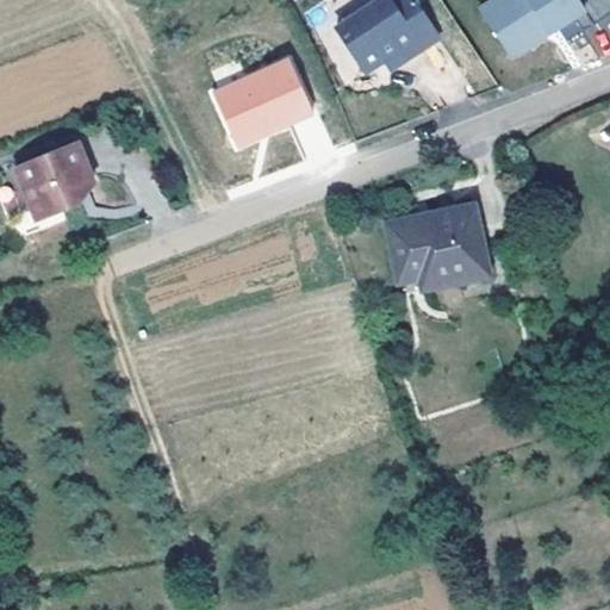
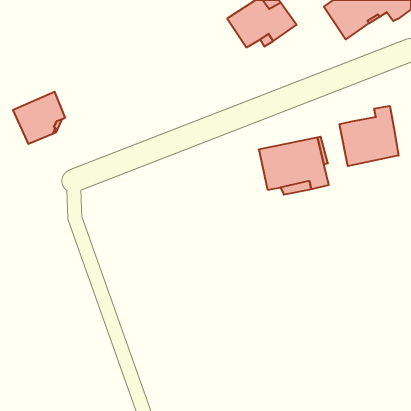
building: [212,58,312,148] -> none
building: none -> [340,106,399,166]

